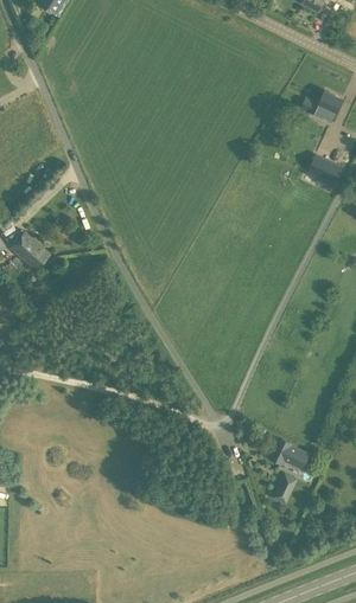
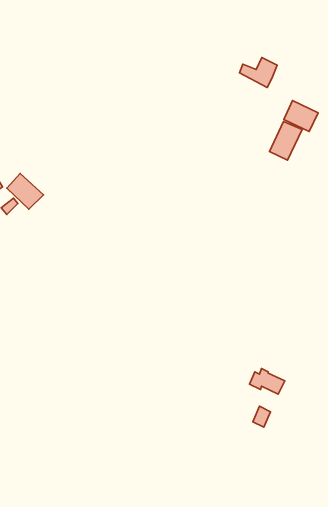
building: [301,90,342,122] -> [240,57,277,87]
building: none -> [270,121,302,160]

